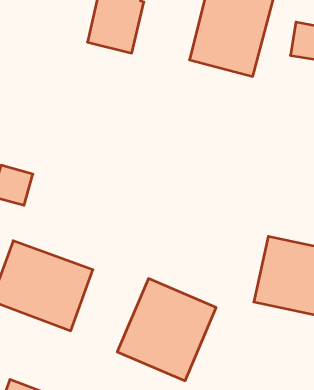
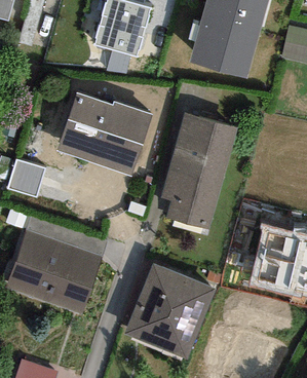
building: none -> [55,94,157,179]
building: none -> [158,113,238,228]

